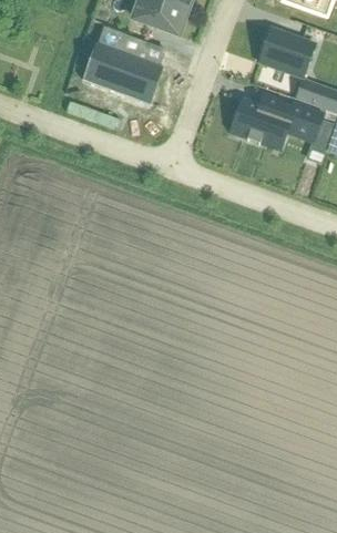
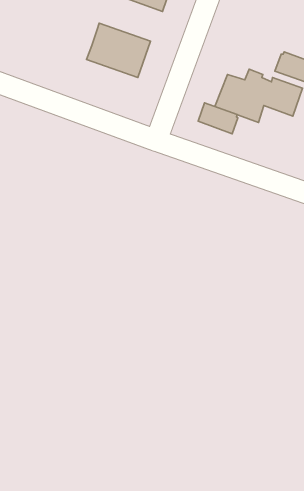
building: [257,27,314,76] -> none
building: none -> [198,103,238,134]

